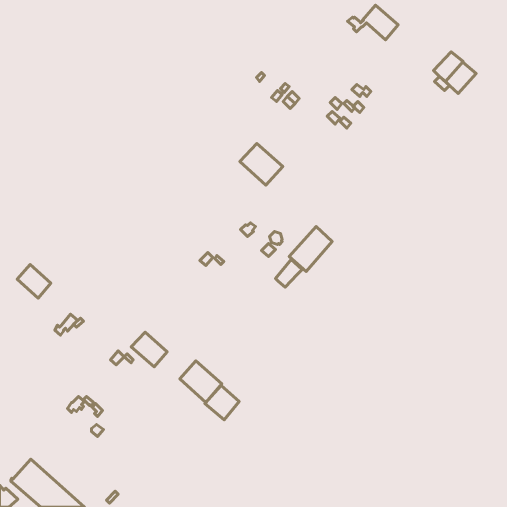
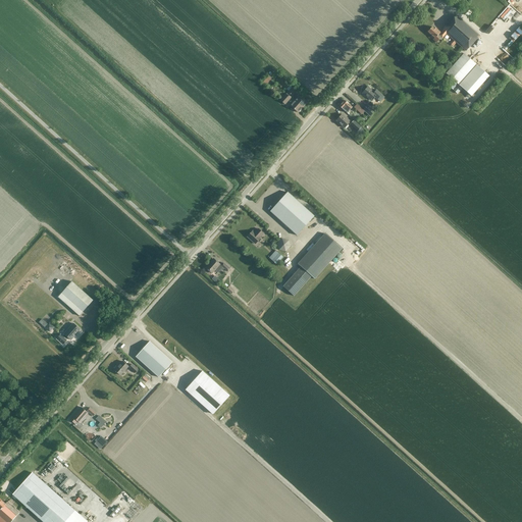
building: [348,5,398,40] -> [426,14,478,50]
building: [240,144,283,185] -> [269,192,313,234]
building: [17,264,51,298] -> [57,280,92,315]
building: [205,385,239,420] -> none

